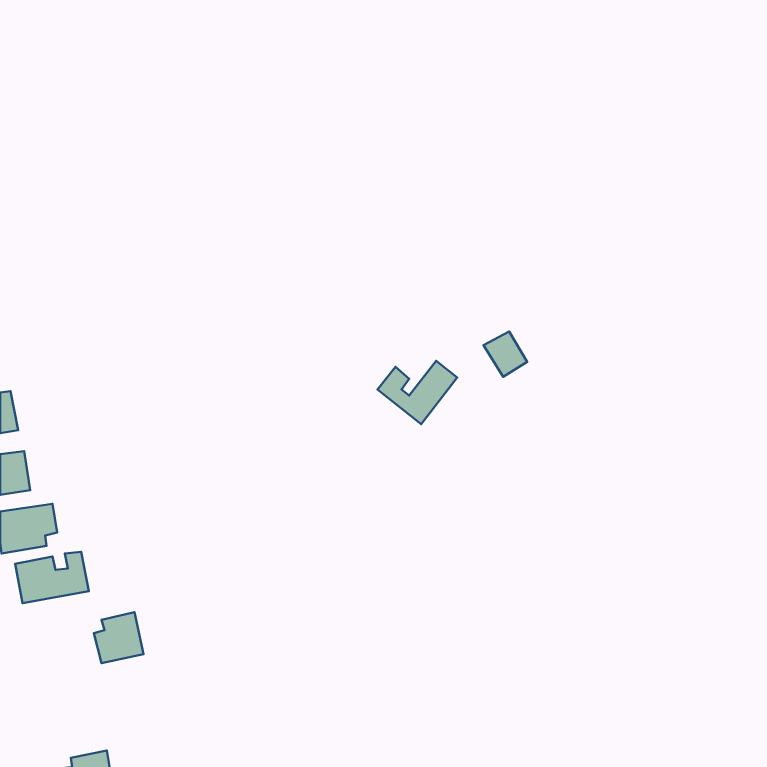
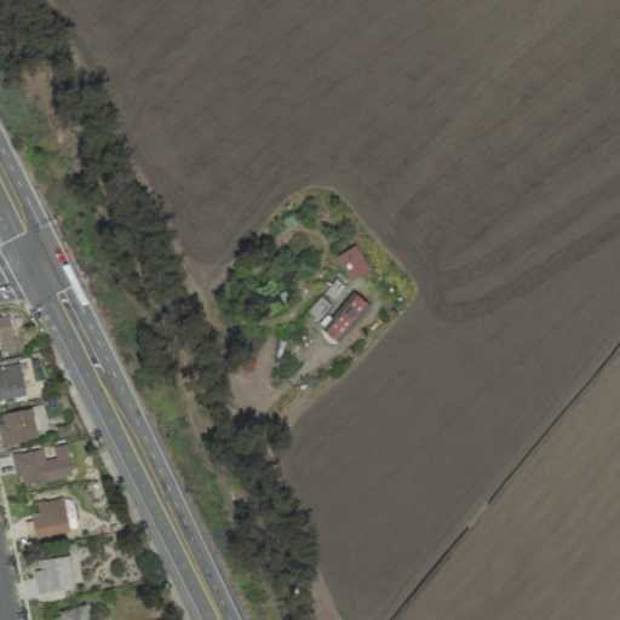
building: [484,332,527,377] -> [335,246,371,282]
building: [94,612,144,663] -> [30,498,70,539]
building: none -> [33,556,74,593]

